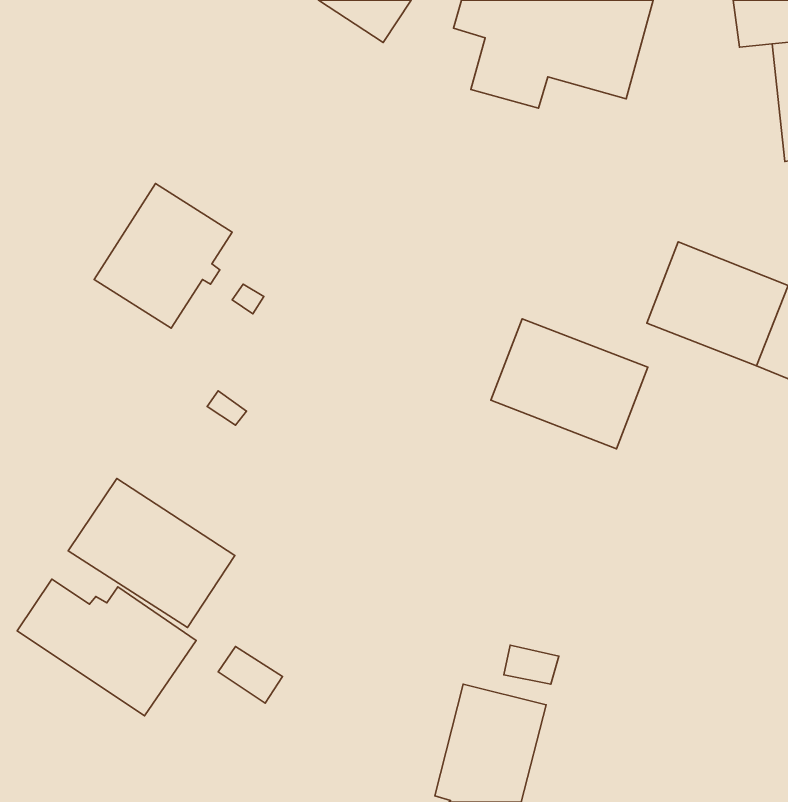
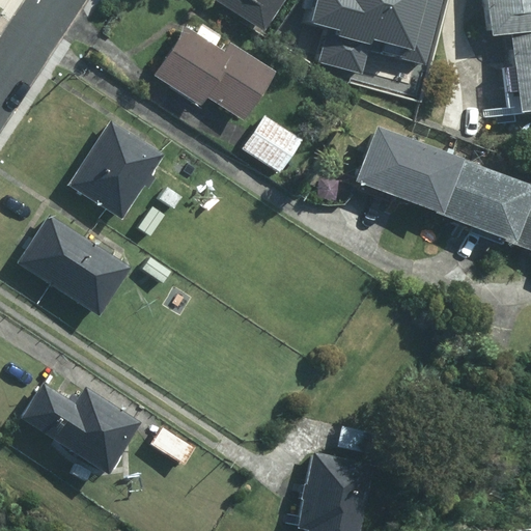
building: none -> [155,27,273,118]
building: none -> [247,116,302,171]
building: [491,319,648,449] -> [354,128,457,214]
building: [68,479,235,628] -> [19,217,129,315]

